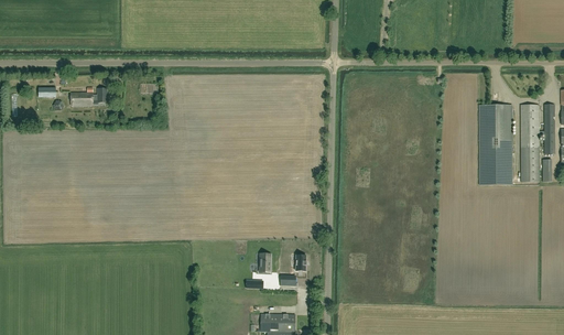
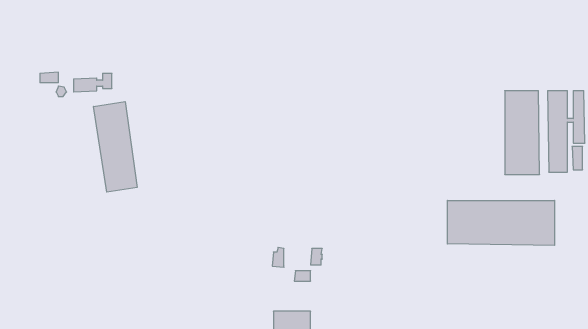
building: none -> [94,102,137,192]
building: none -> [447,200,555,245]

